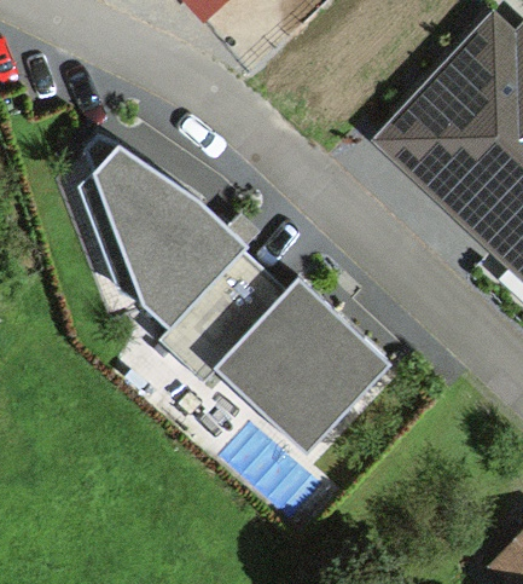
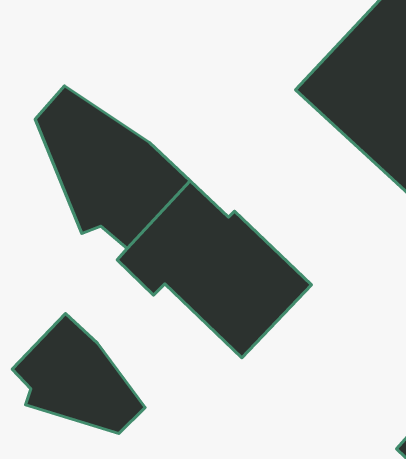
building: none -> [12,313,145,434]

